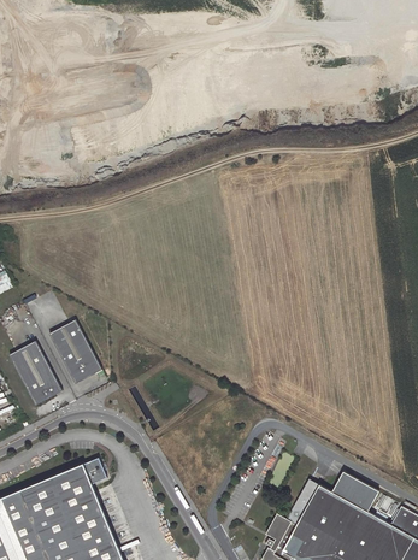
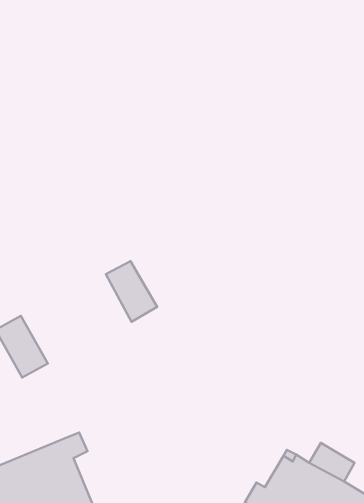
building: [49,319,102,382] -> [106,261,157,322]

